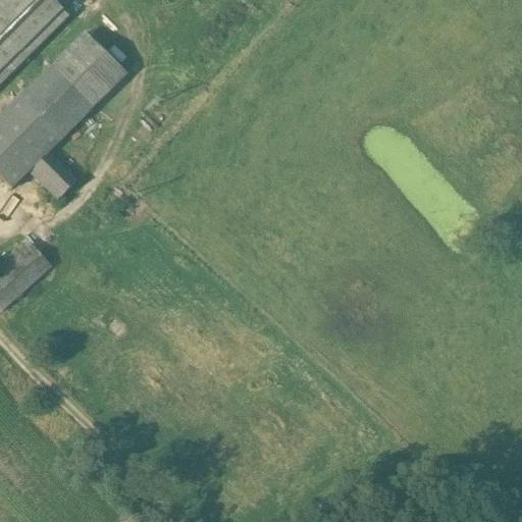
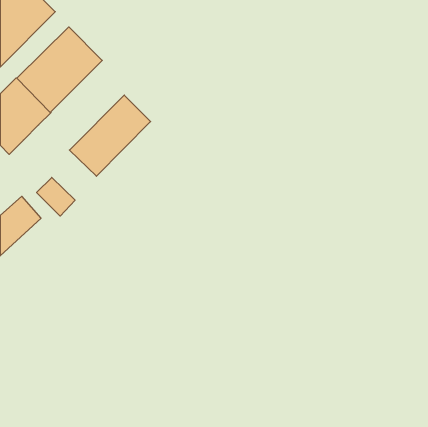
building: none -> [69,95,151,176]
building: [29,152,75,199] -> [37,177,75,216]

